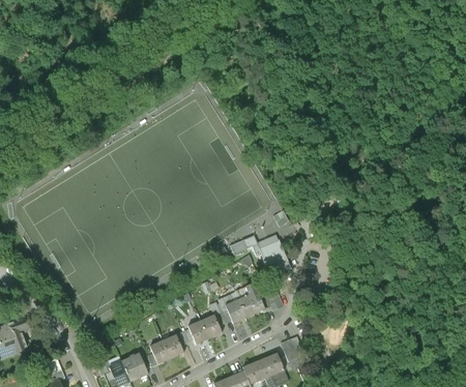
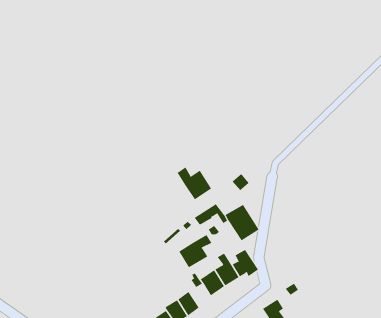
building: none -> [177,166,212,200]
building: none -> [178,234,212,268]

